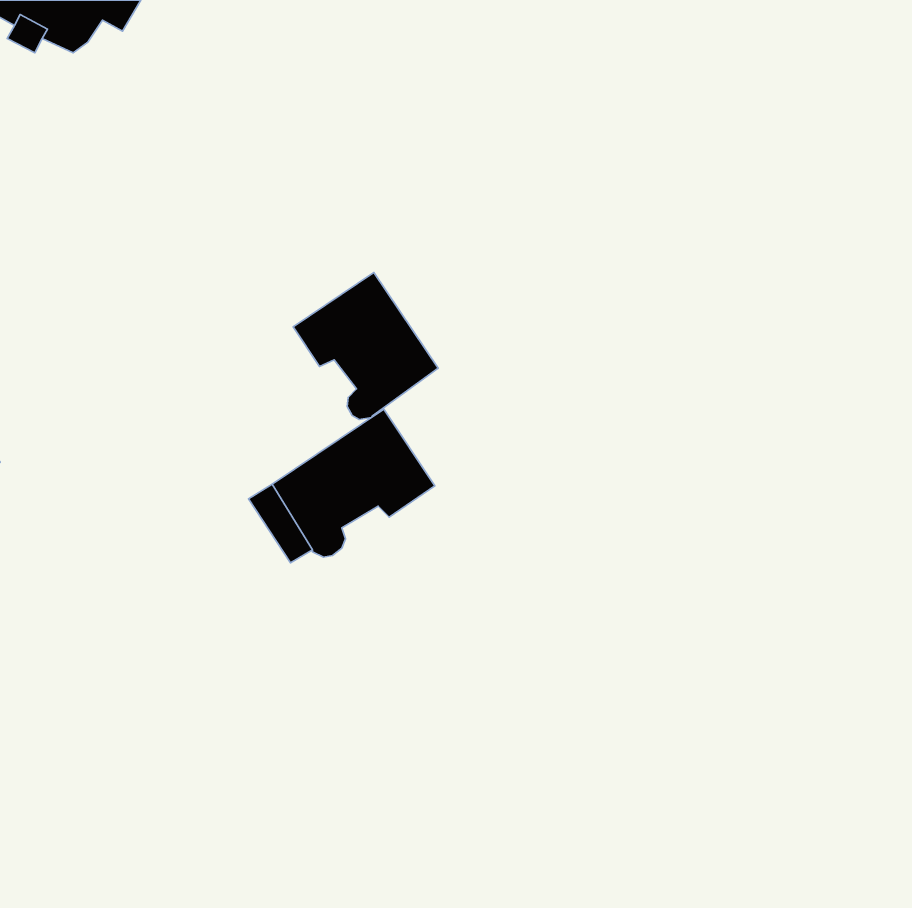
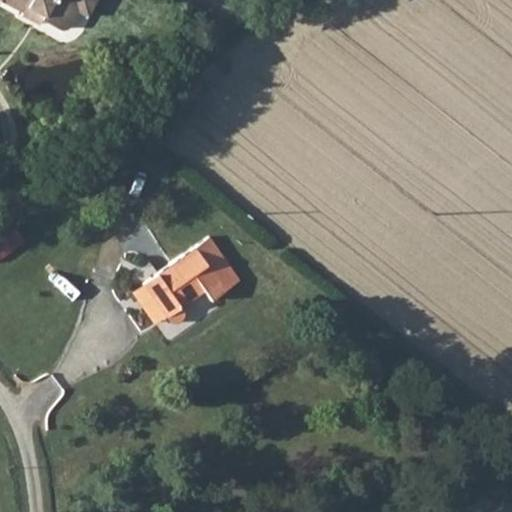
building: [293,272,438,419] -> none

